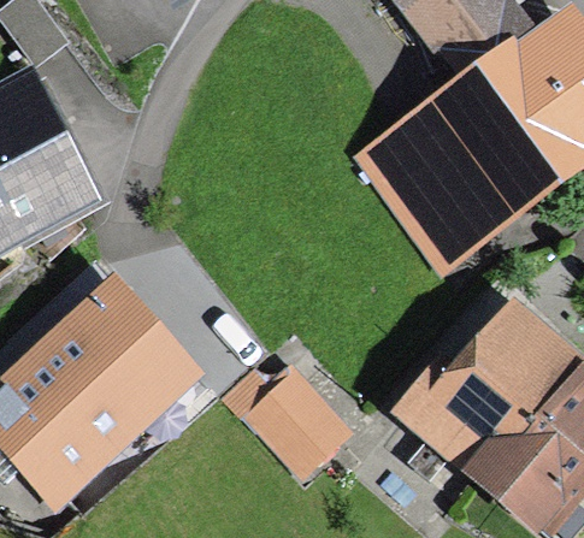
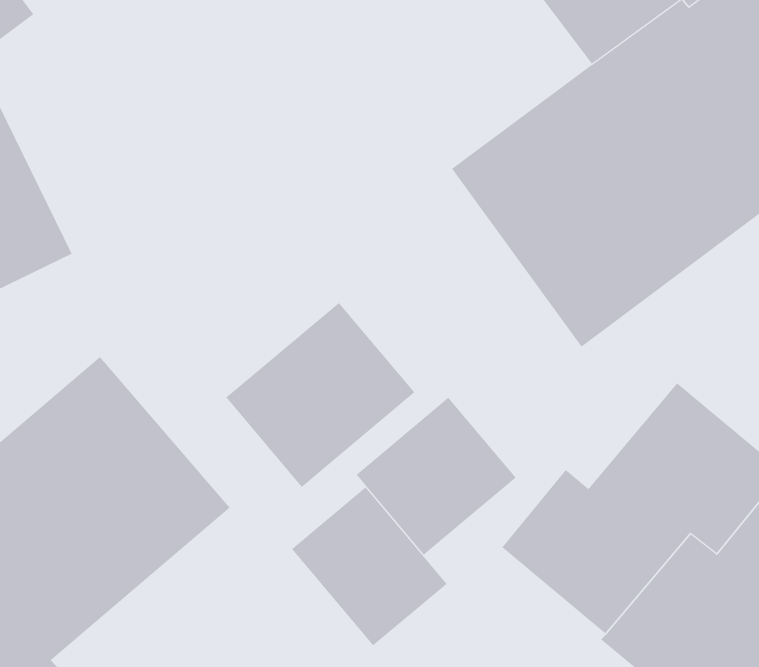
building: none -> [226,302,415,488]
building: none -> [356,397,516,555]

